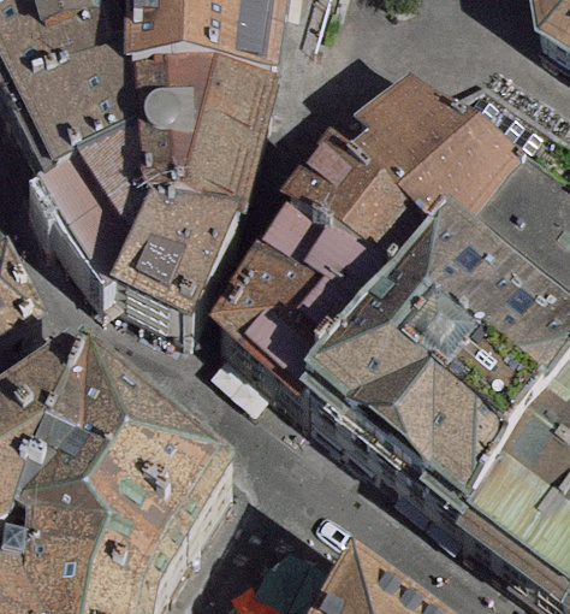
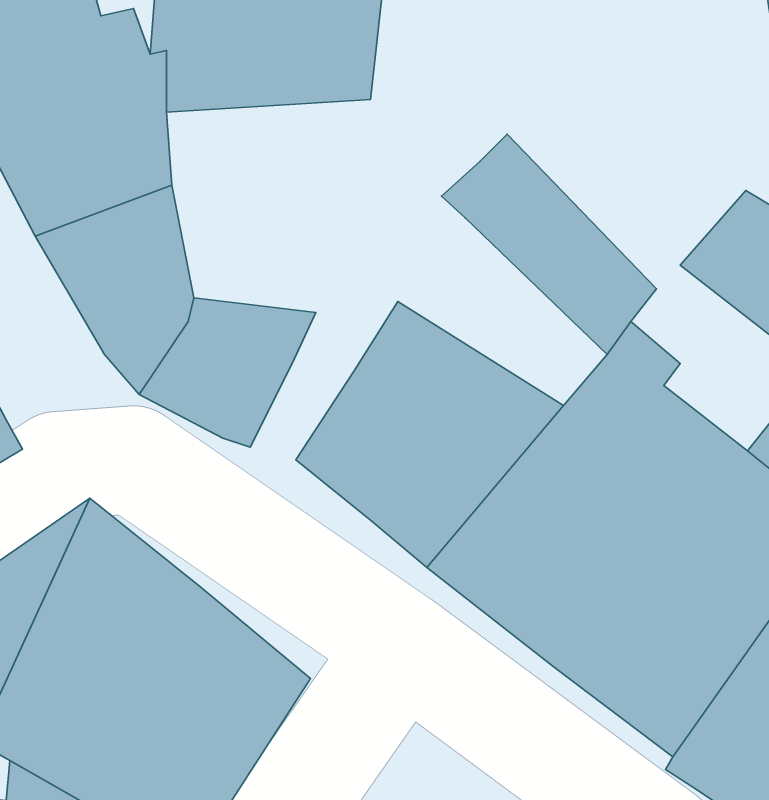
building: [362,91,519,232] -> none
building: [137,107,272,248] -> none
building: [290,185,428,309] -> none

